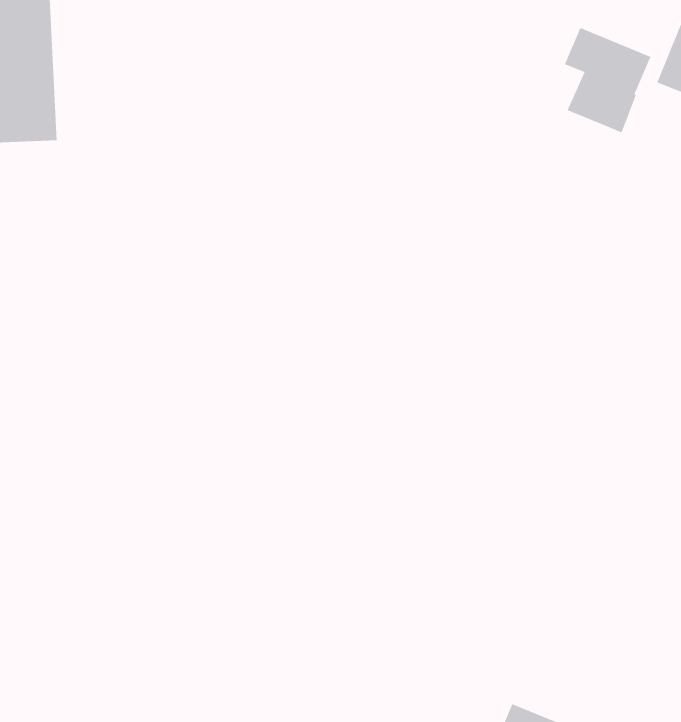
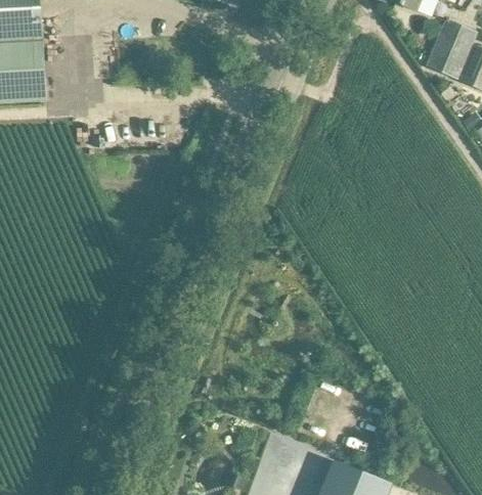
building: [564,27,651,133] -> none

